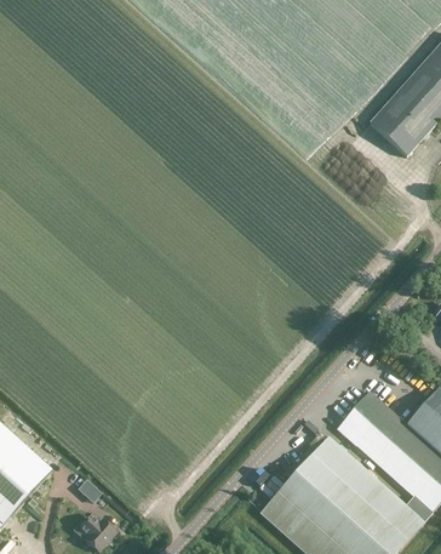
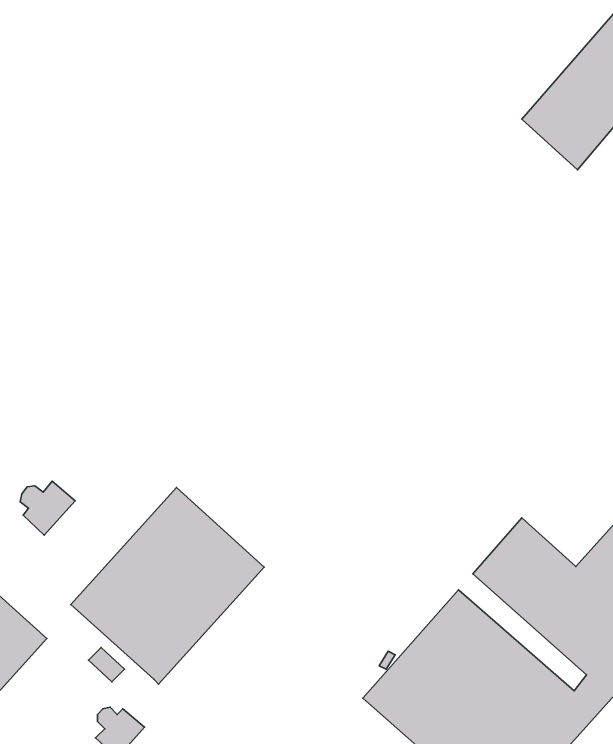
building: none -> [20,481,75,535]
building: none -> [71,488,264,684]

